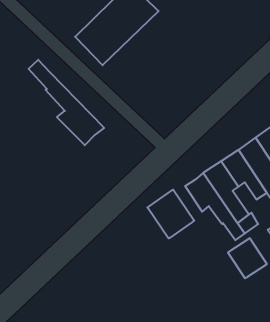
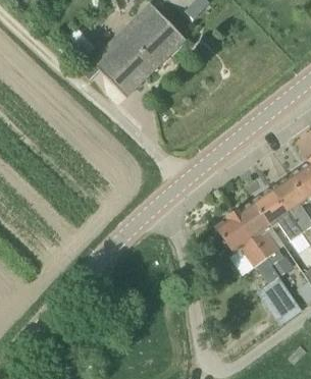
building: [29,60,104,145] -> none
building: [147,190,194,238] -> none

